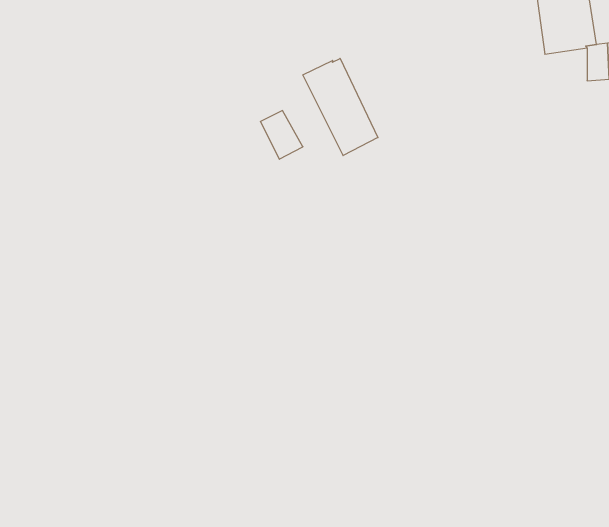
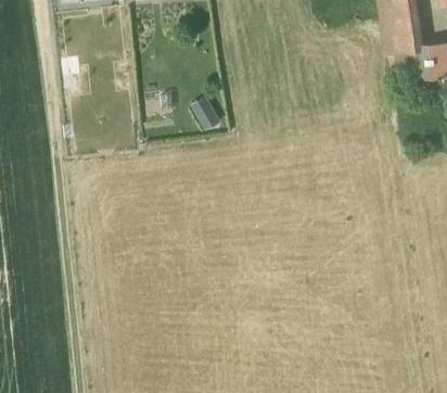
building: [303,58,378,156] -> none

